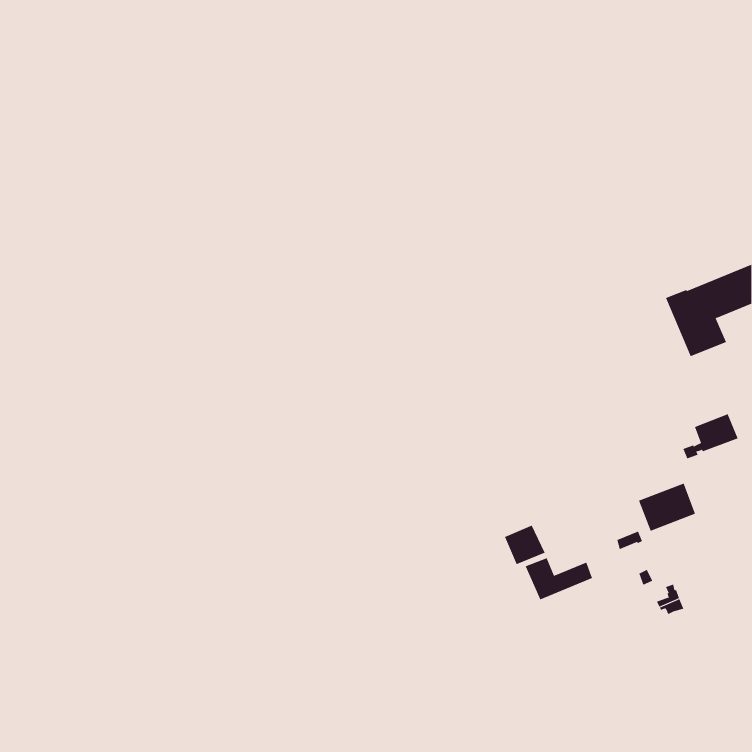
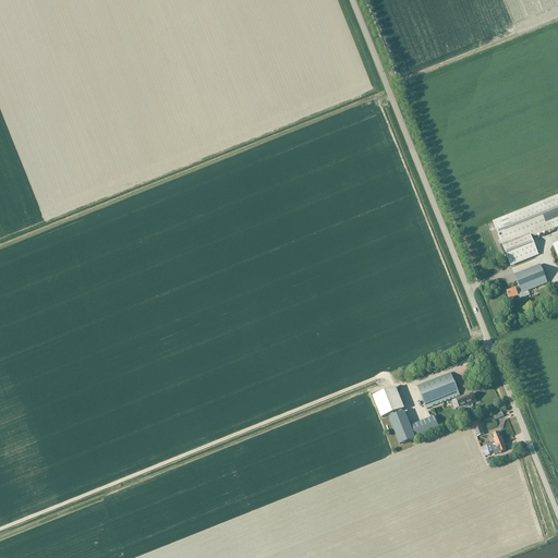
building: [682,414,738,459] -> [506,264,547,298]
building: [638,483,696,532] -> [416,372,459,408]

